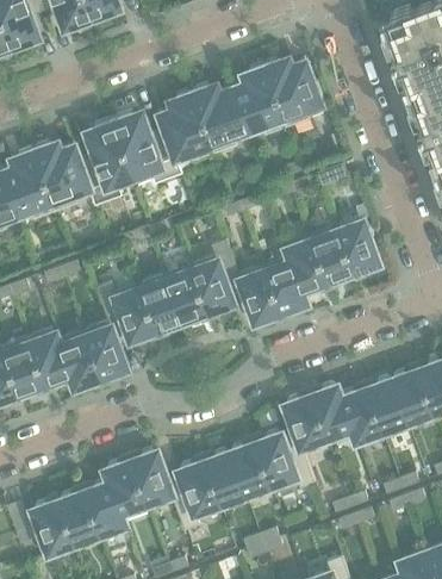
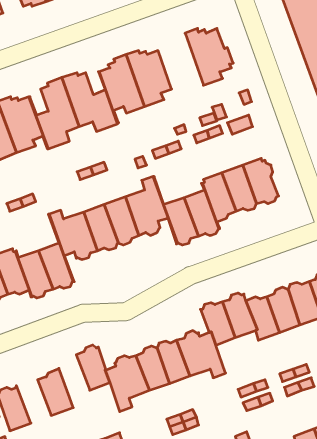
building: [231,63,287,136] -> none
building: [104,461,147,513] -> none
building: [56,492,99,546] -> none

